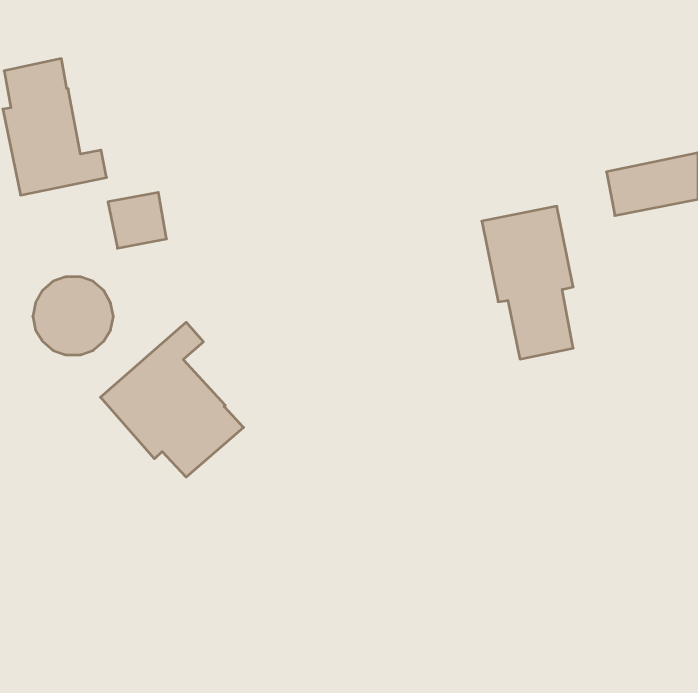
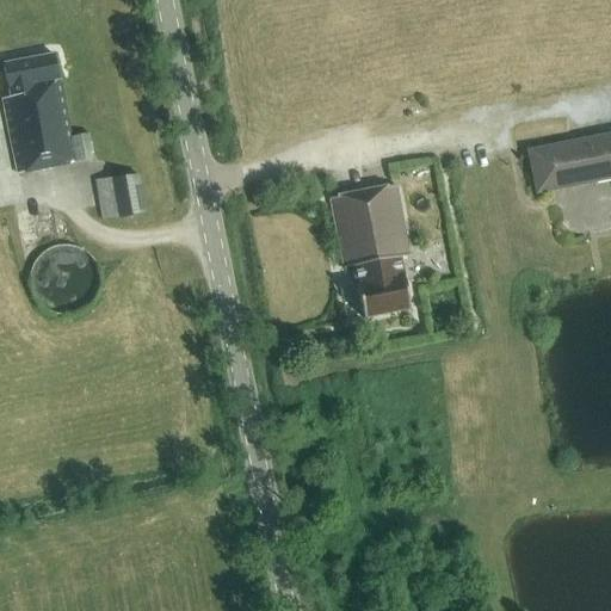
building: [482,206,573,359] -> [329,183,409,316]
building: [100,322,244,477] -> none

